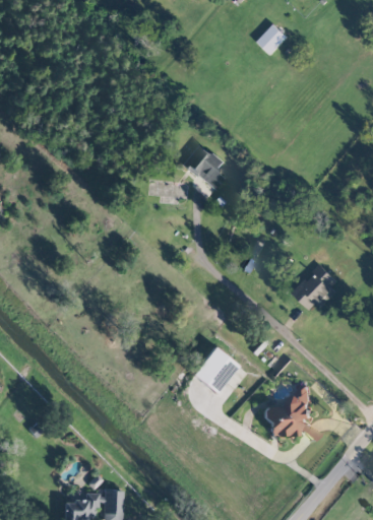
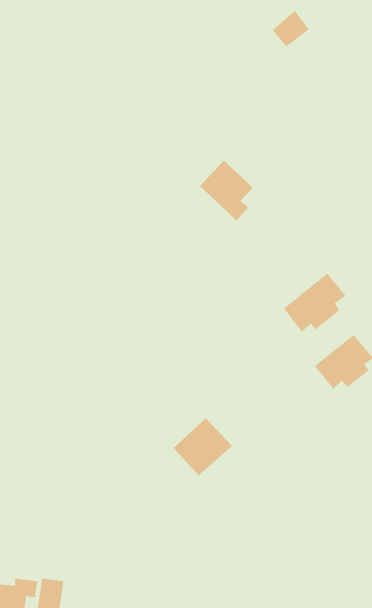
building: [259,23,289,54] -> [272,10,309,48]
building: none -> [283,273,346,333]
building: [261,391,319,441] -> none

